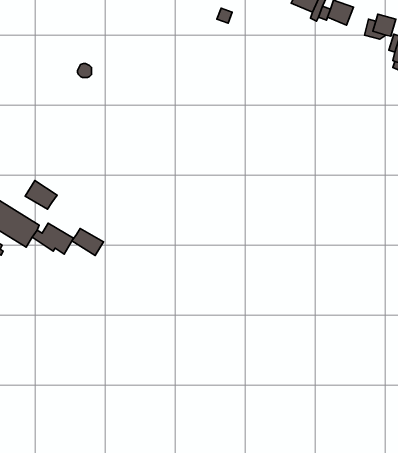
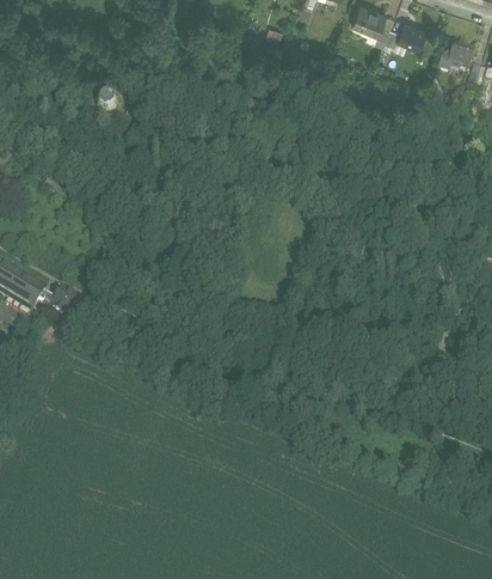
building: [25,181,57,209] -> none
building: [72,228,103,256] -> none

